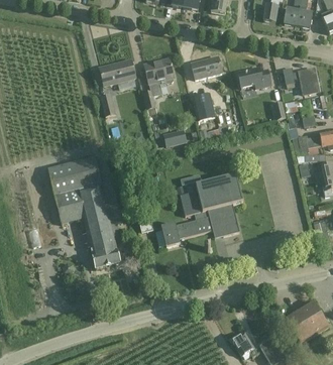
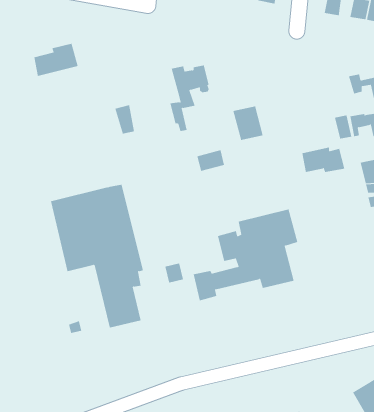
building: [190,56,221,79] -> none
building: [99,58,134,85] -> [33,43,78,76]
building: [236,67,270,87] -> [301,147,345,173]

